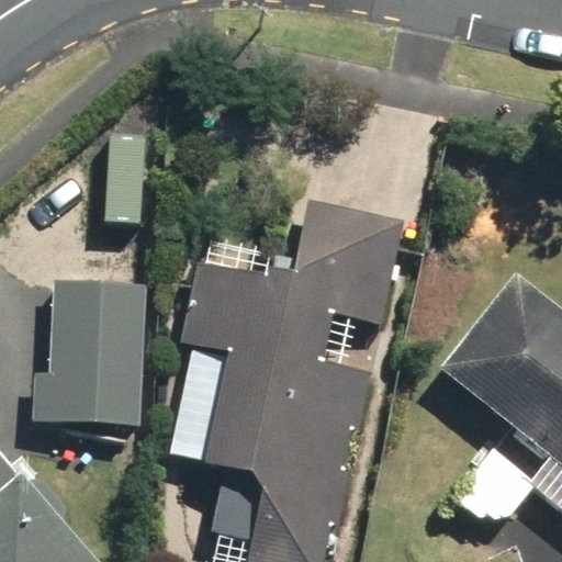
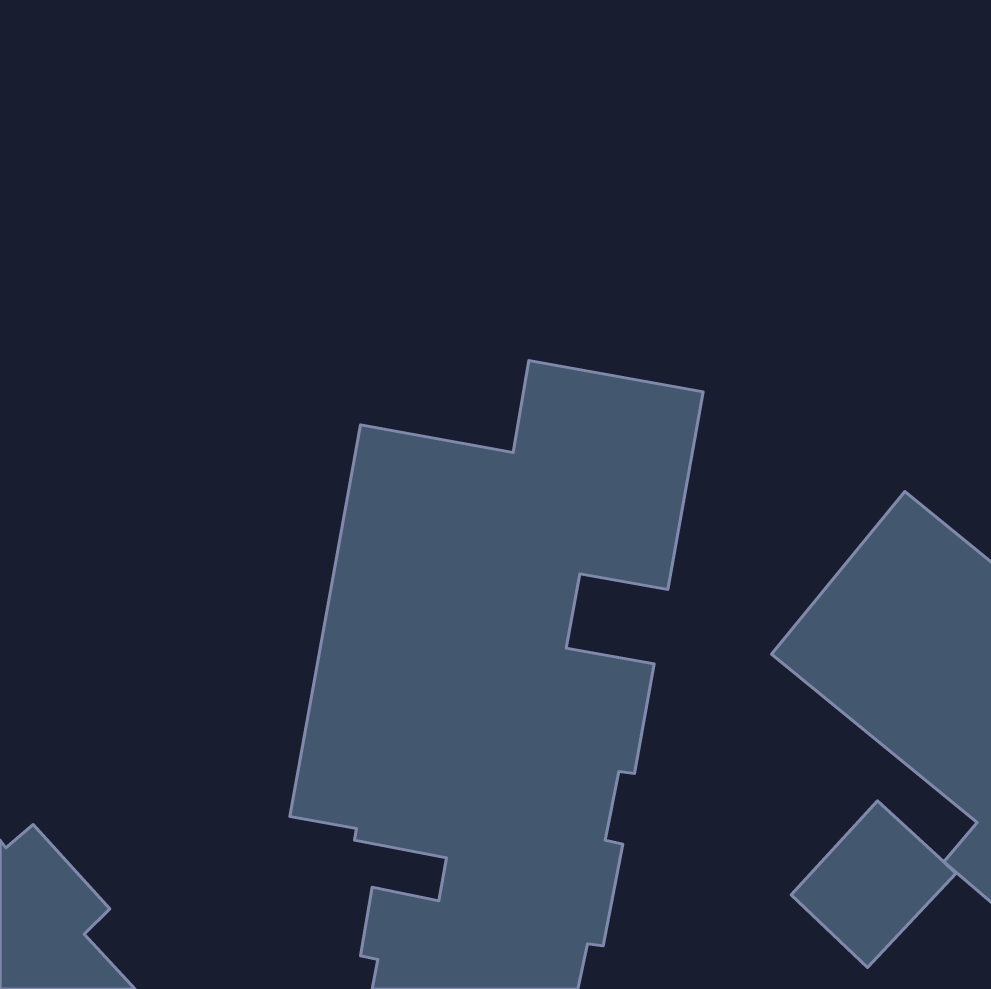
building: [19,286,149,429] -> none

